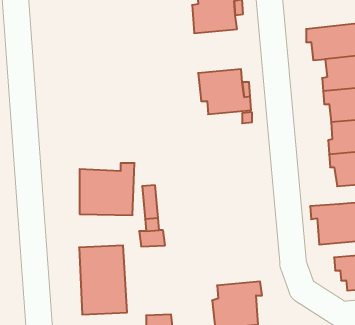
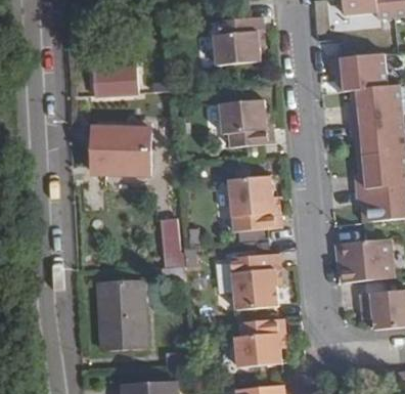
building: none -> [95,71,135,97]
building: none -> [228,176,281,231]
building: [80,163,135,215] -> [94,121,150,174]
building: none -> [229,253,278,309]

